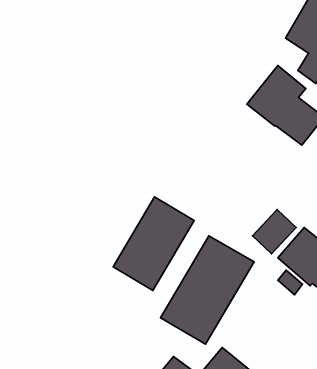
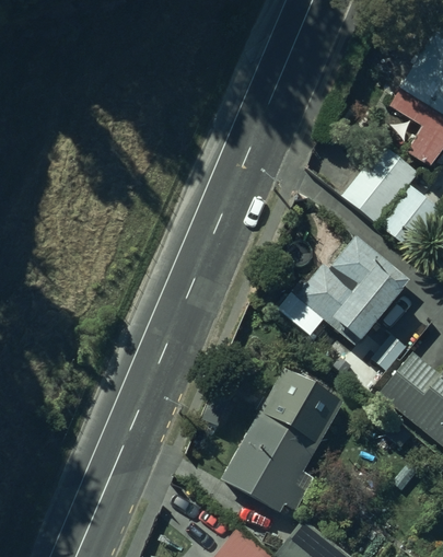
building: none -> [299,235,415,346]
building: [113,197,194,291] -> none

